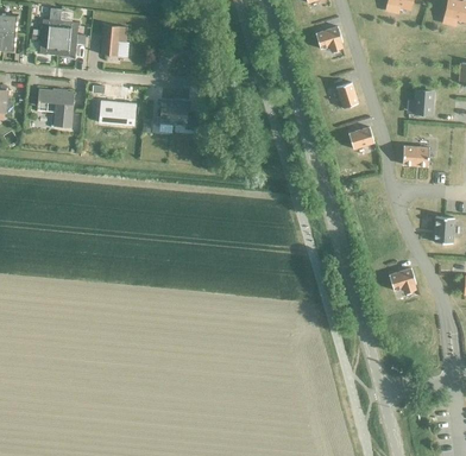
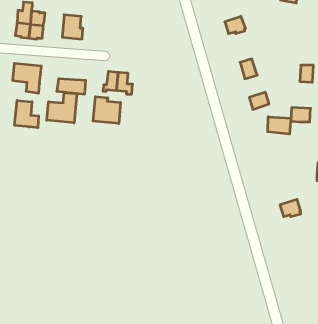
building: none -> [47,93,77,123]
building: none -> [93,97,120,124]
building: none -> [15,100,39,128]
building: none -> [268,117,291,134]

